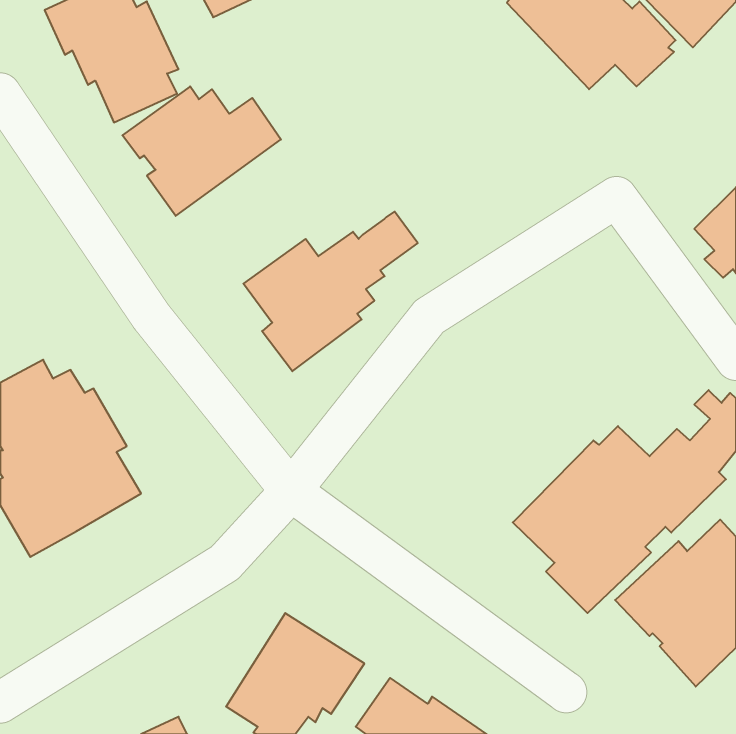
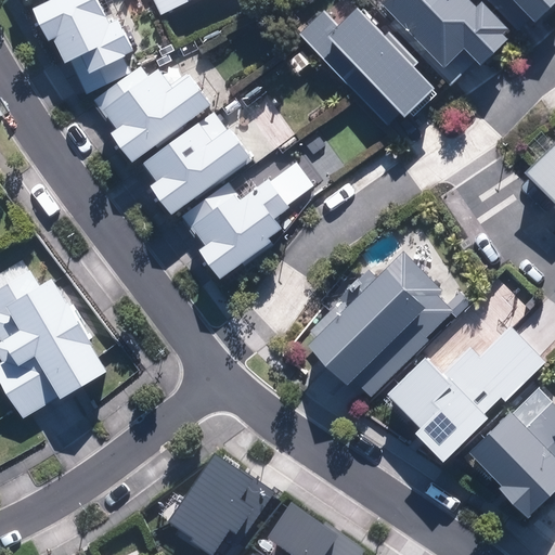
building: none -> [298,8,440,129]
building: none -> [143,109,248,214]
building: none -> [307,250,453,396]

